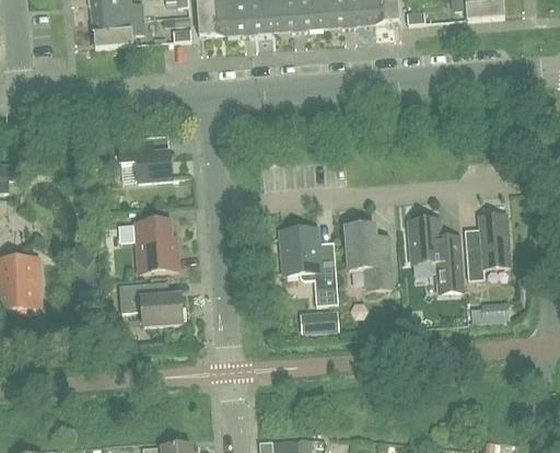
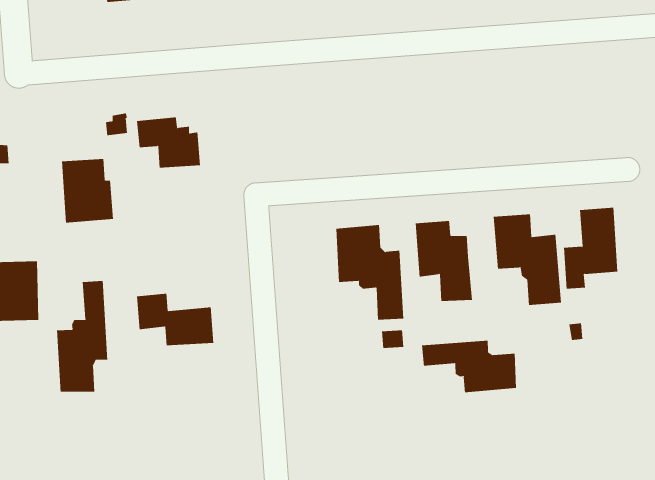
building: [135,220,177,272] -> [61,158,114,223]
building: none -> [56,280,108,393]
building: none -> [422,340,516,393]

